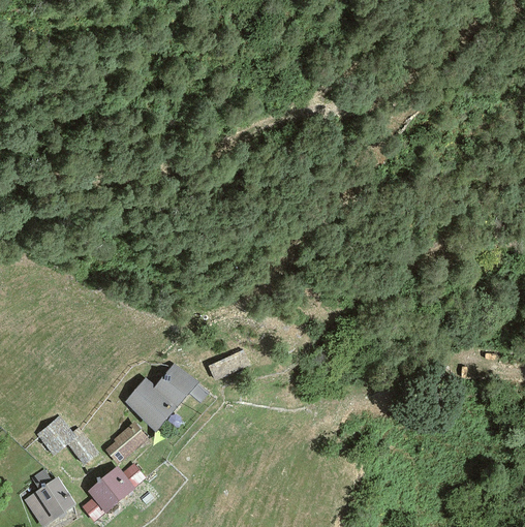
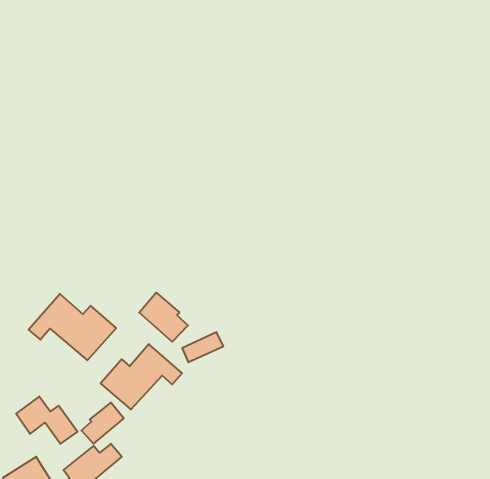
building: none -> [139,293,188,342]
building: none -> [29,294,116,360]

